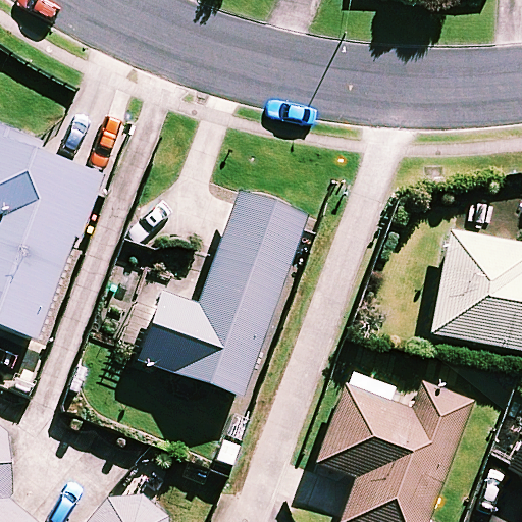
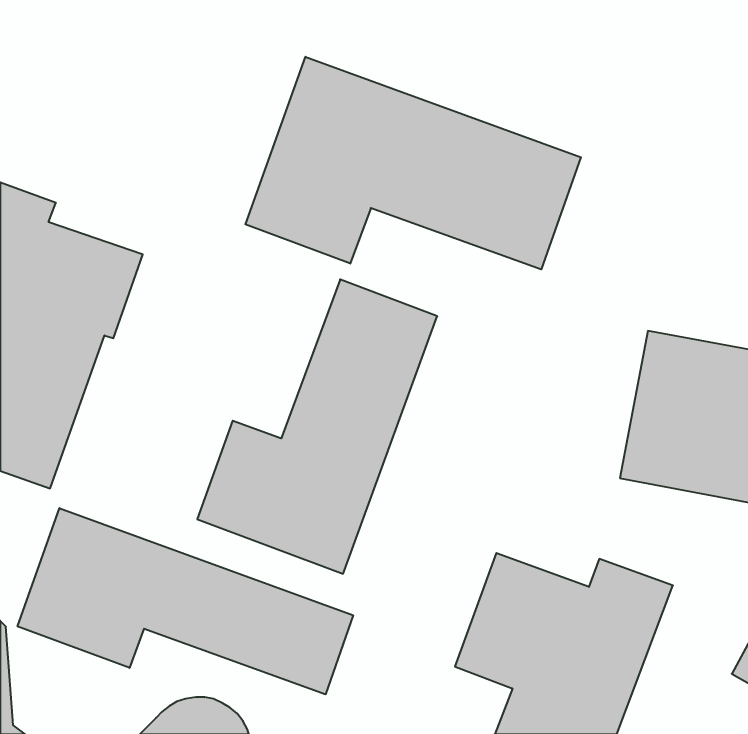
building: none -> [245,57,581,269]
building: none -> [18,508,353,694]

